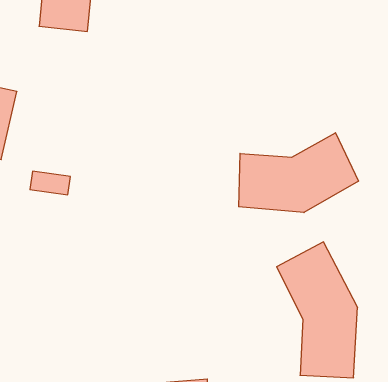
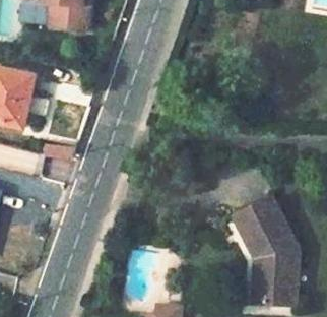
building: [239,133,358,213] -> none

